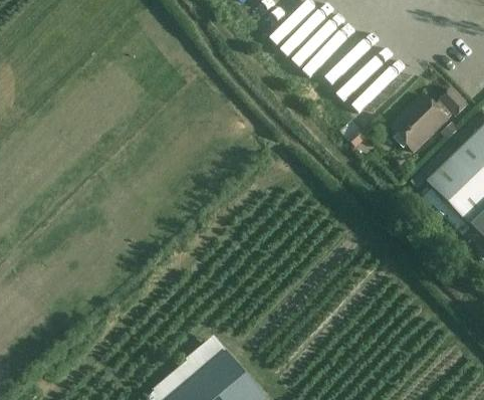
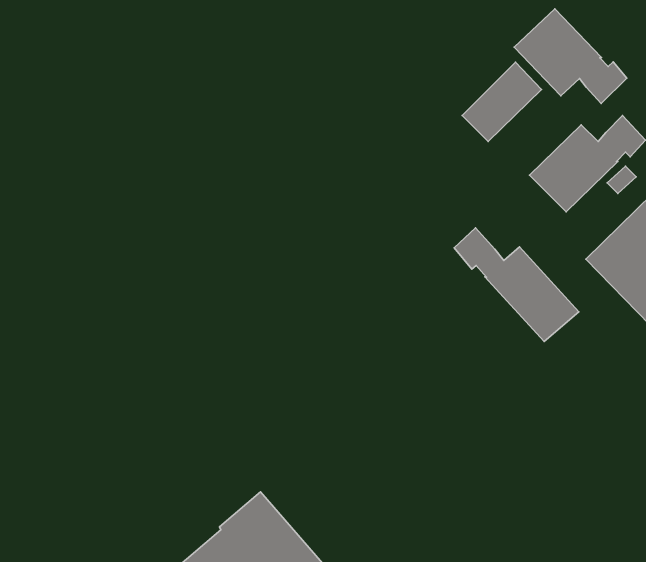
building: none -> [514,9,627,104]
building: none -> [454,228,579,342]

